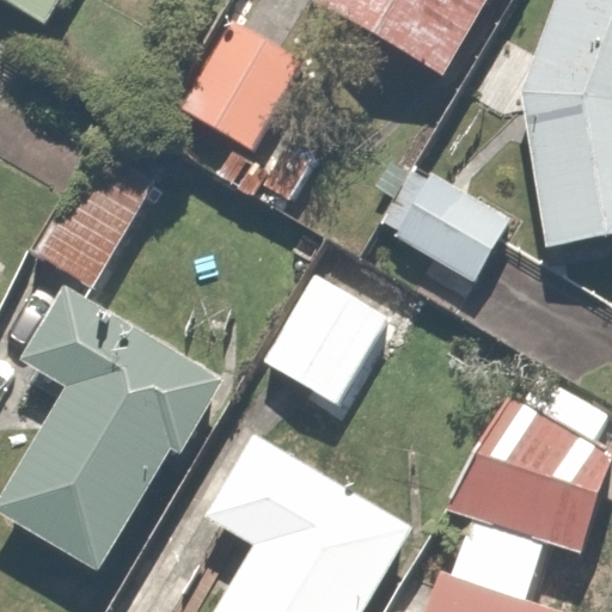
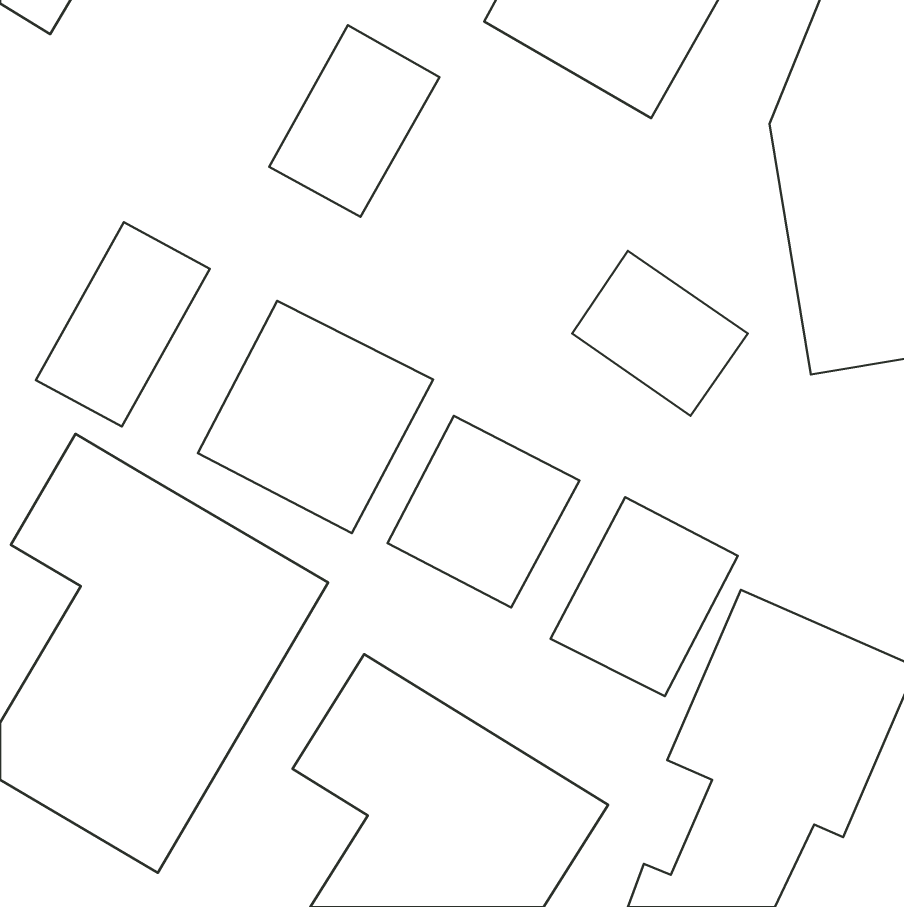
building: none -> [198,301,433,533]
building: none -> [551,497,738,696]

